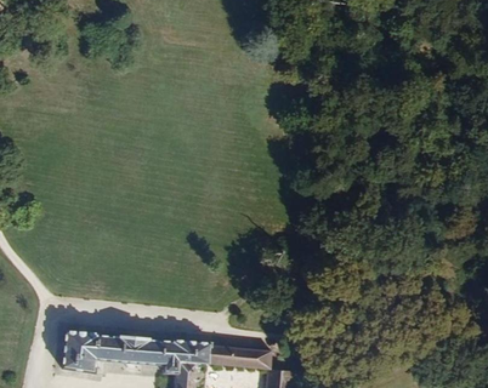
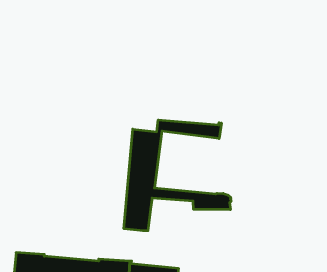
building: none -> [124,120,231,231]

